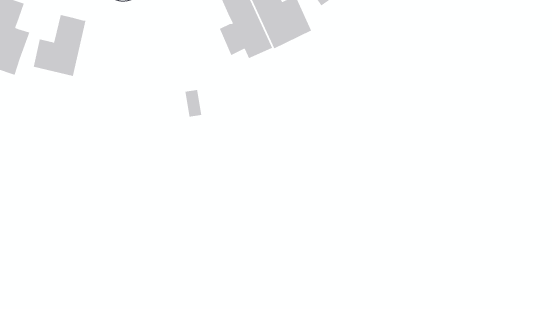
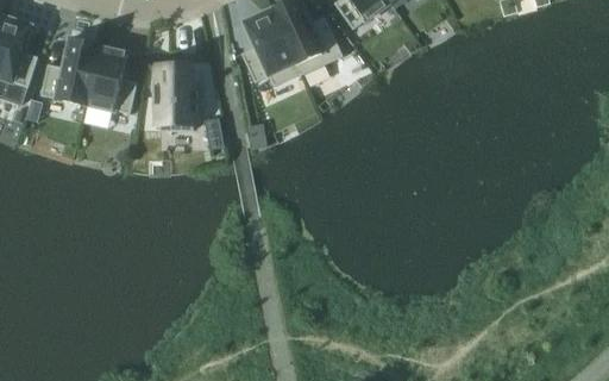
building: none -> [83,43,136,113]
building: none -> [153,63,197,130]

